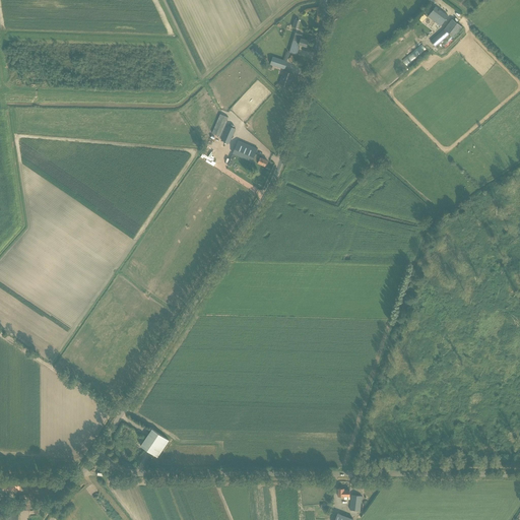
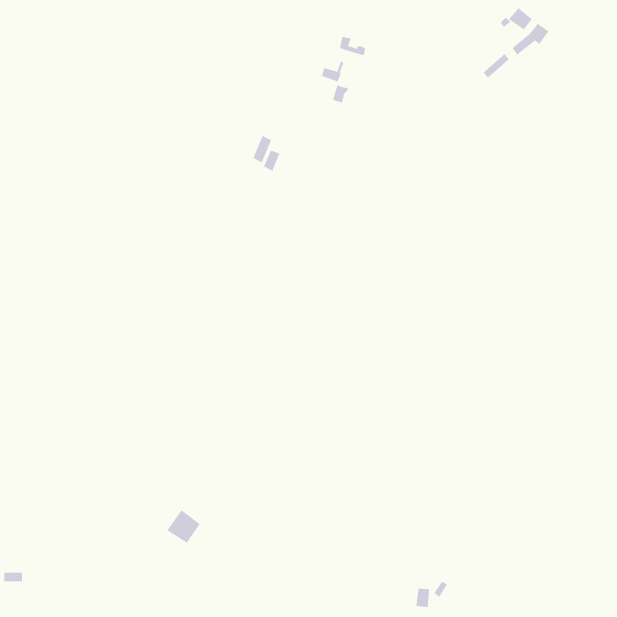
building: [233,140,267,167] -> none

